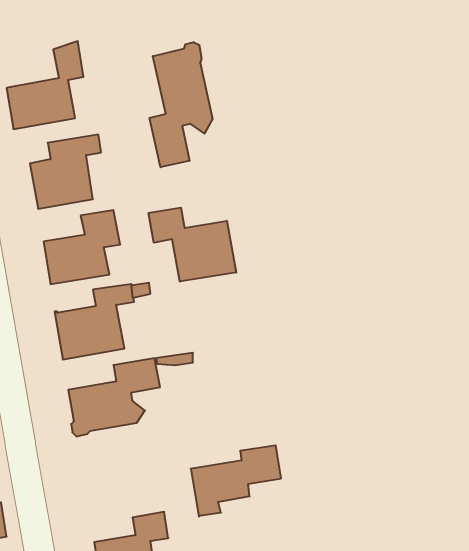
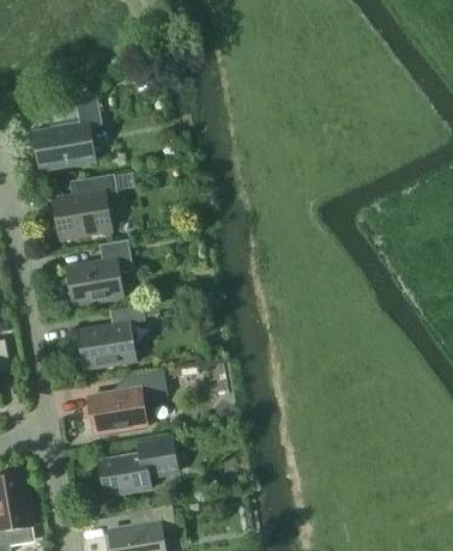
building: [149,42,212,167] -> none
building: [149,208,236,282] -> none
building: [191,445,281,517] -> [98,442,177,504]

